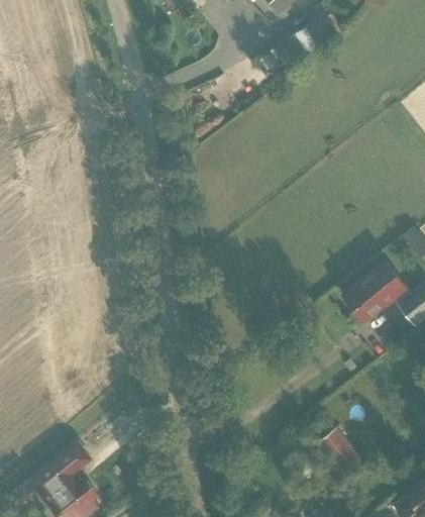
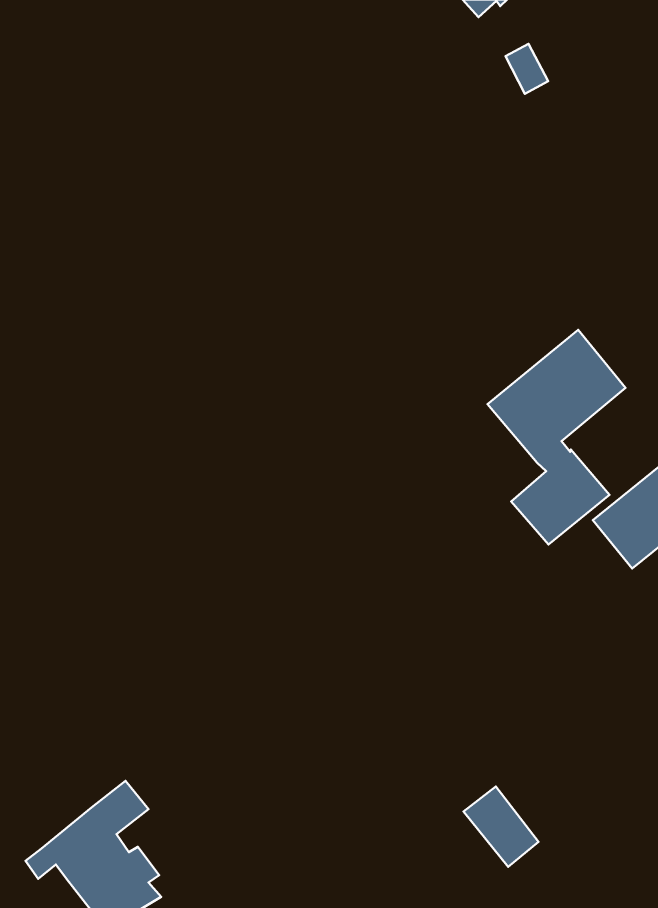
building: none -> [488,330,626,544]
building: [319,428,361,474] -> [464,787,539,867]

